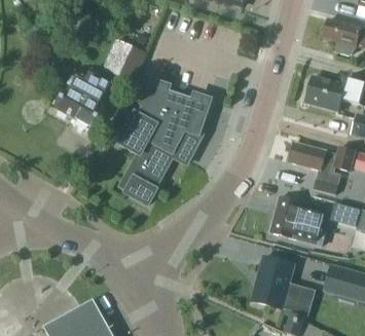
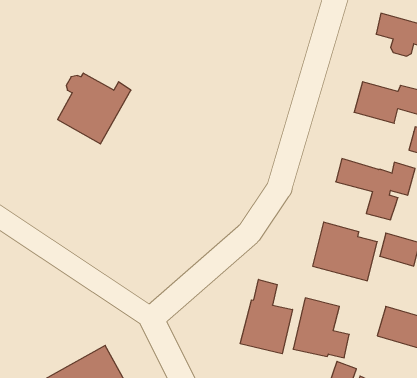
building: [108,40,144,80] -> none
building: [119,82,211,206] -> none
building: none -> [240,279,292,354]

